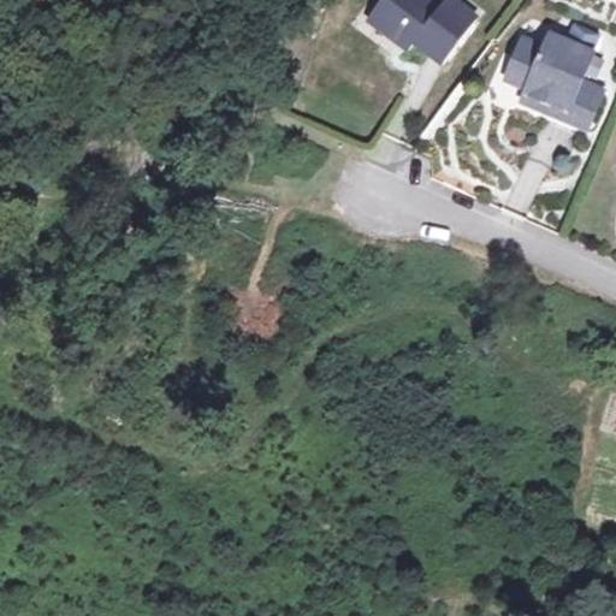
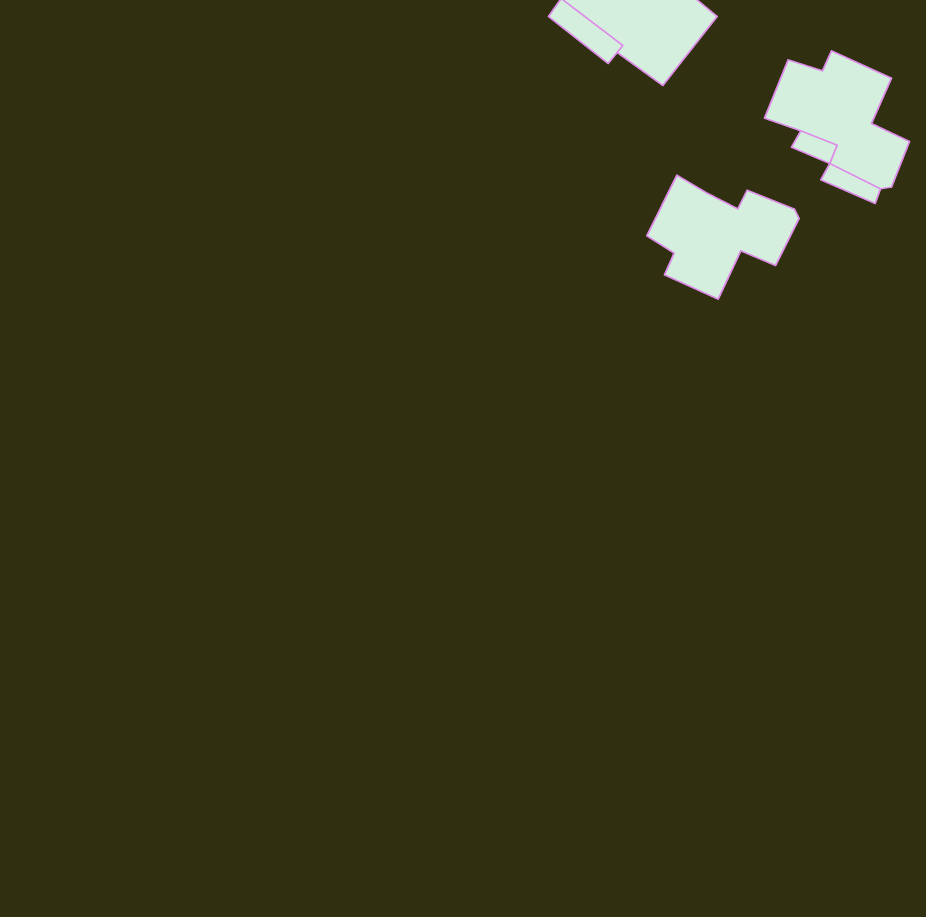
building: none -> [647,175,799,299]

